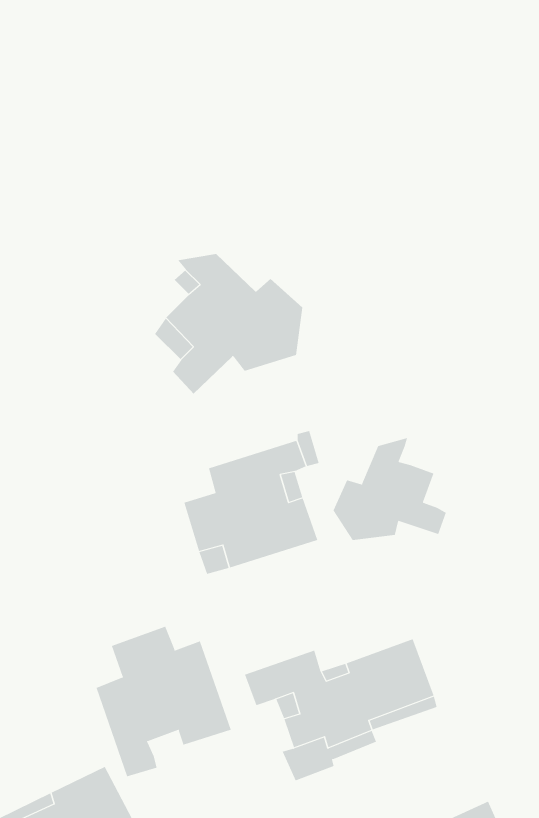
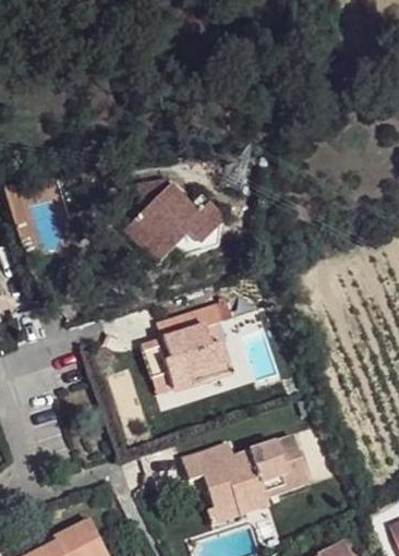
building: [333,437,447,541] -> none
building: [96,626,231,777] -> none

